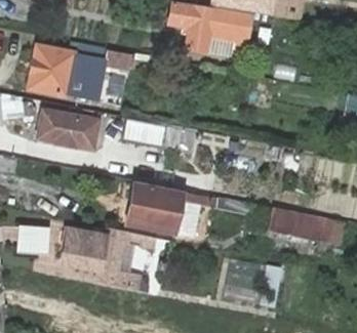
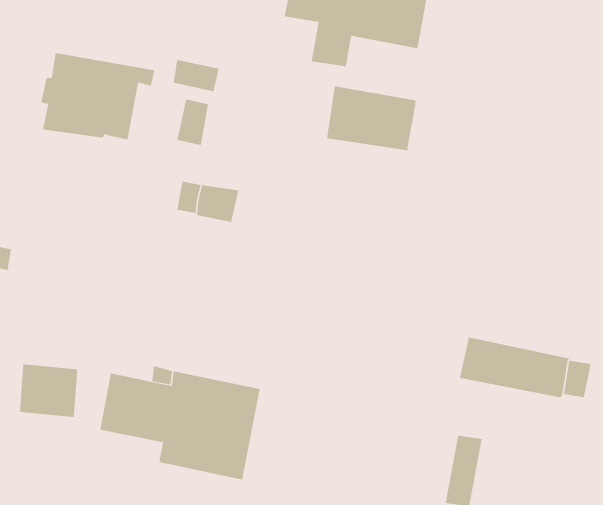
building: none -> [327,85,416,151]
building: [37,112,97,149] -> none
building: [122,182,204,237] -> none

